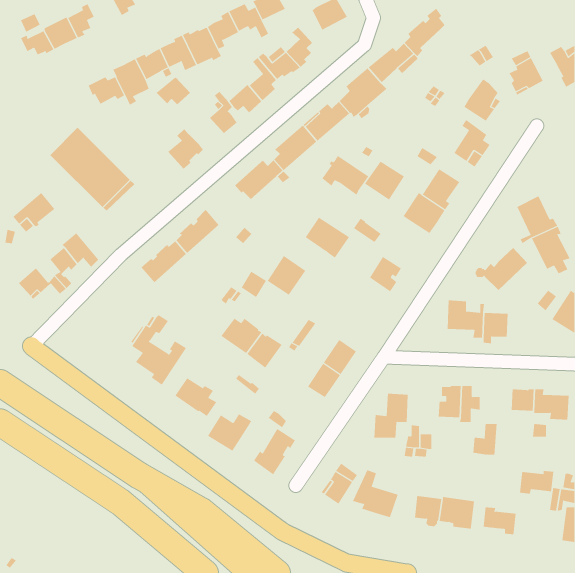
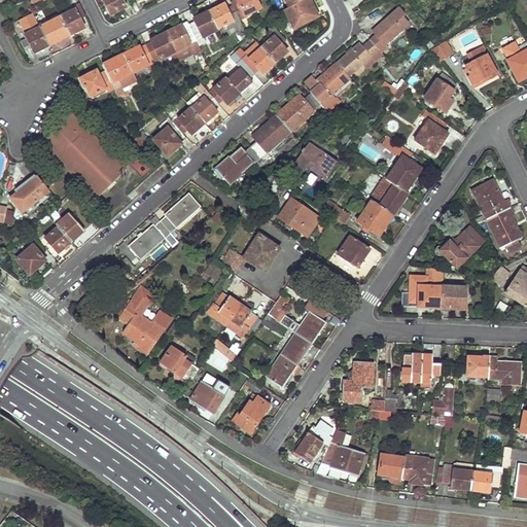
building: [156,76,191,105] -> [173,107,205,134]
building: [364,161,405,200] -> [356,200,393,236]
building: none -> [266,354,302,387]
building: [519,470,554,494] -> [470,469,502,491]

